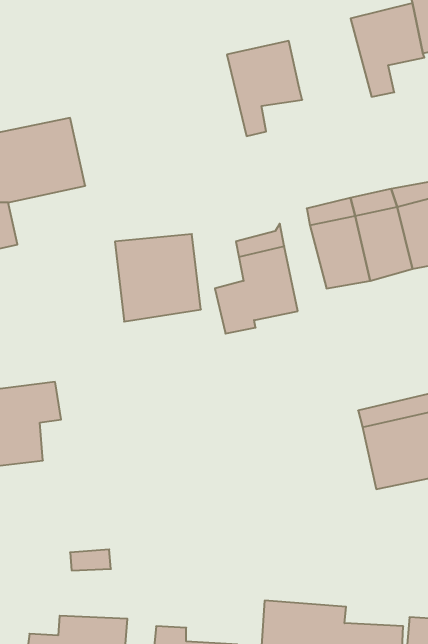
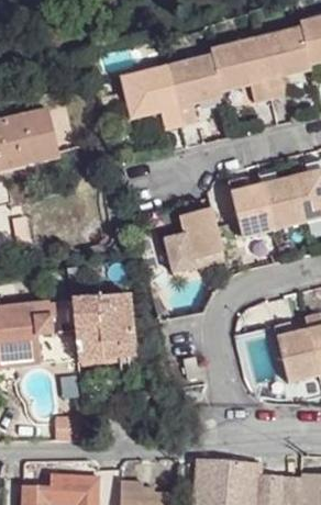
building: none -> [214,38,277,99]
building: none -> [124,65,186,127]
building: [115,234,201,322] -> [71,298,134,361]

